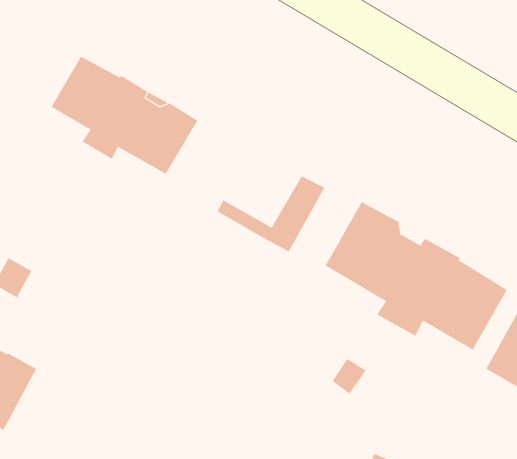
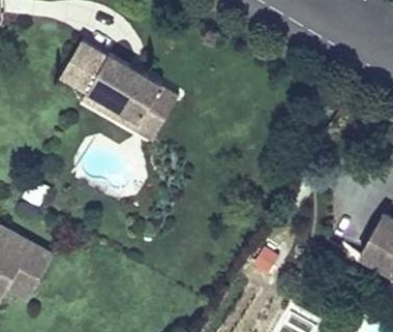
building: [217,175,325,252] -> [102,88,177,141]
building: [325,202,507,350] -> none

